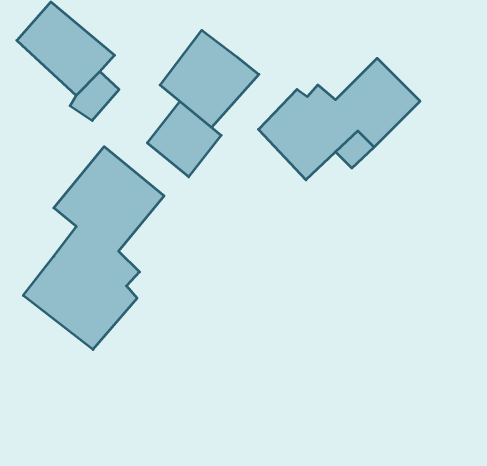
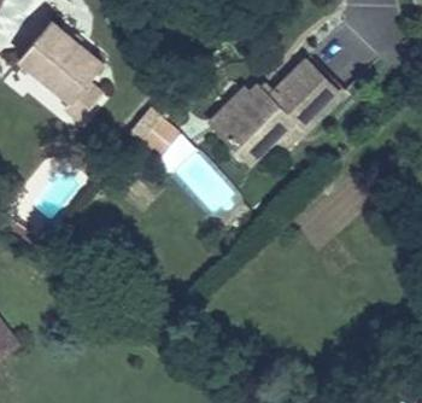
building: [160,30,259,127] -> none
building: [23,147,164,350] -> none

